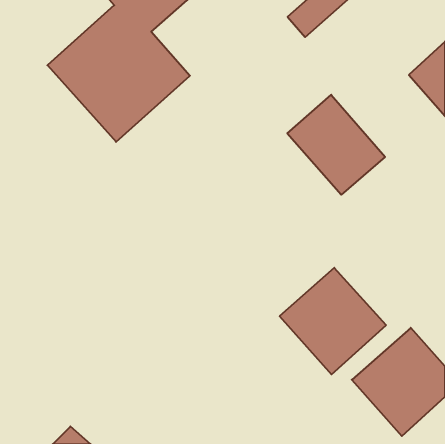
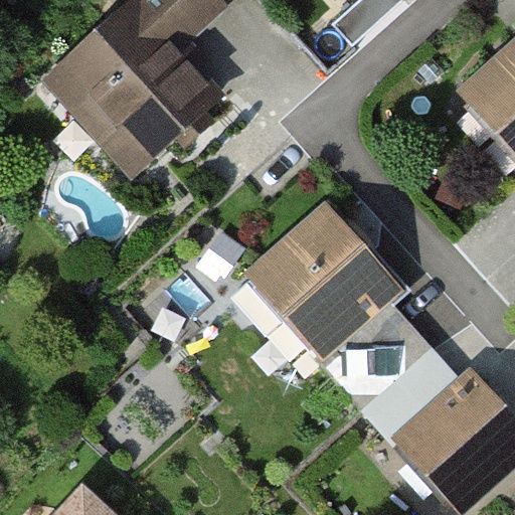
building: [287,95,385,195] -> none
building: none -> [230,209,389,343]

